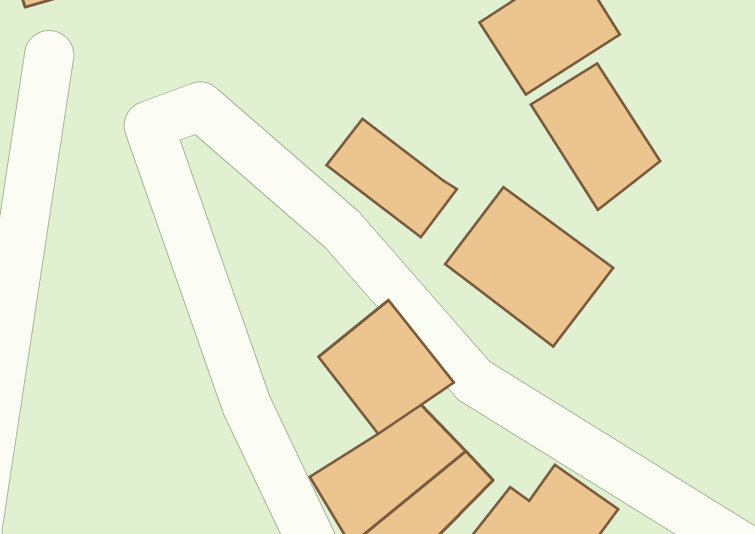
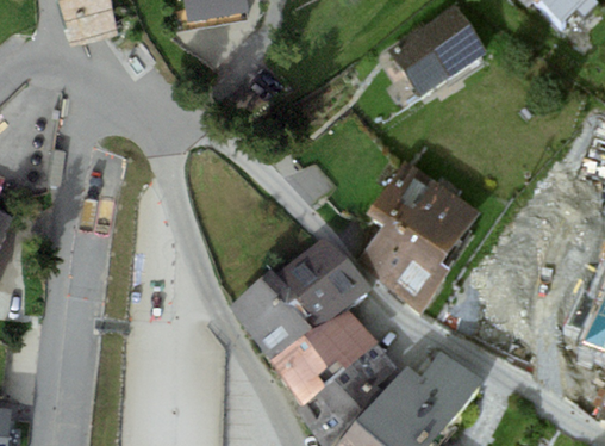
building: [531,63,660,210] -> none
building: [327,119,457,237] -> [357,229,448,311]
building: none -> [230,275,317,363]

